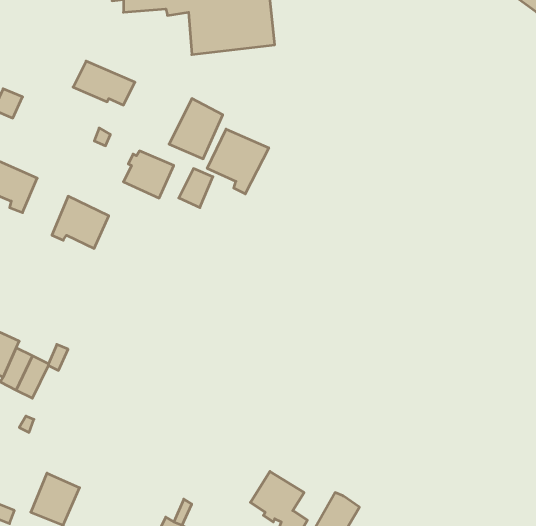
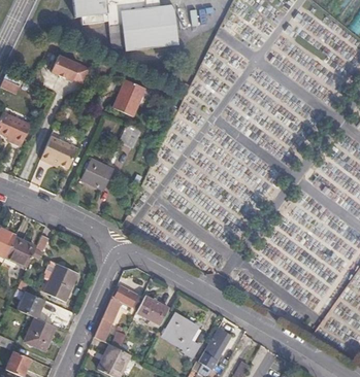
building: [207,129,269,194] -> none
building: [123,151,174,198] -> [79,159,111,188]
building: none -> [43,263,75,300]
building: none -> [94,287,137,341]
building: none -> [19,290,44,316]
building: none -> [138,296,168,323]

